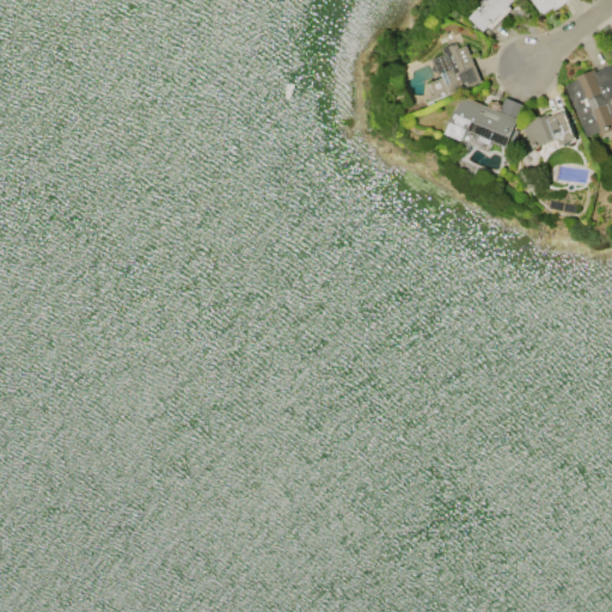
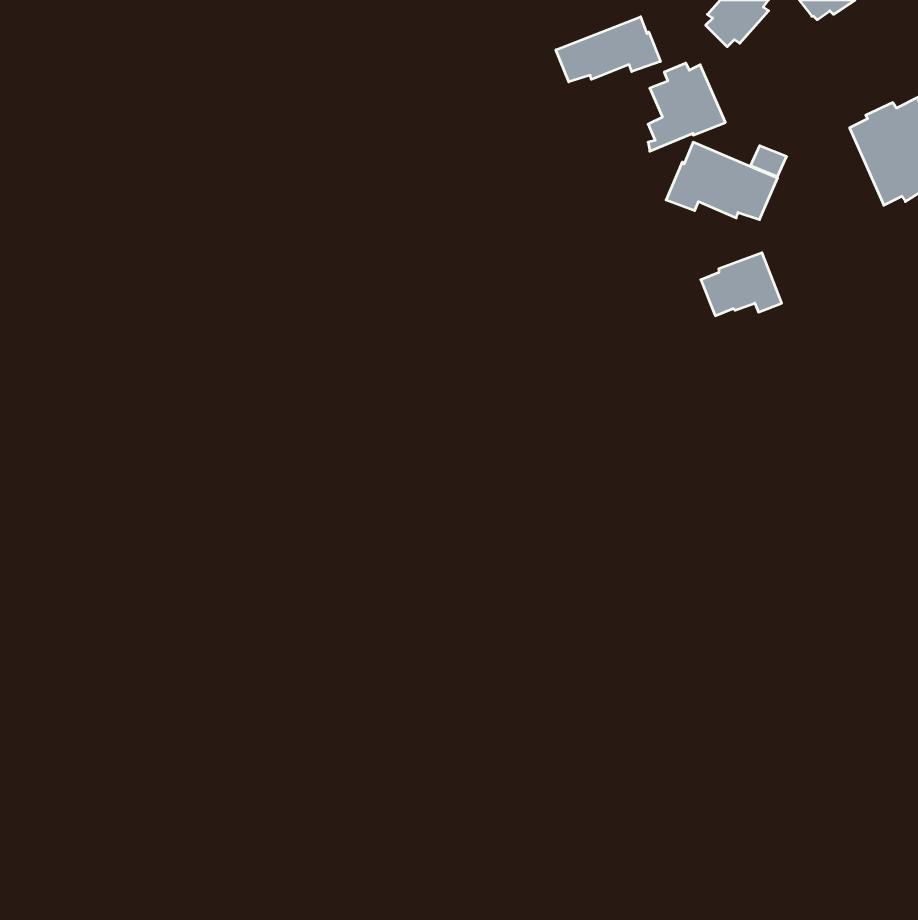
building: none -> [556,17,660,82]
building: [522,106,576,148] -> [701,253,782,316]

